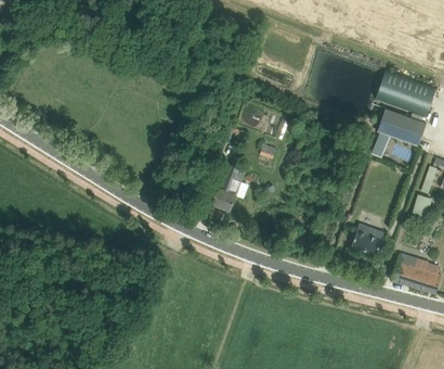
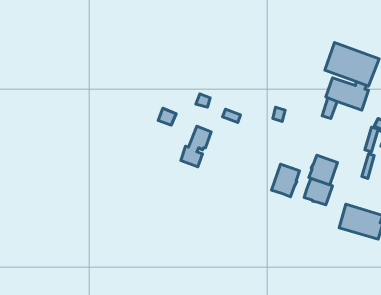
building: none -> [309,155,338,185]
building: none -> [271,164,300,197]

